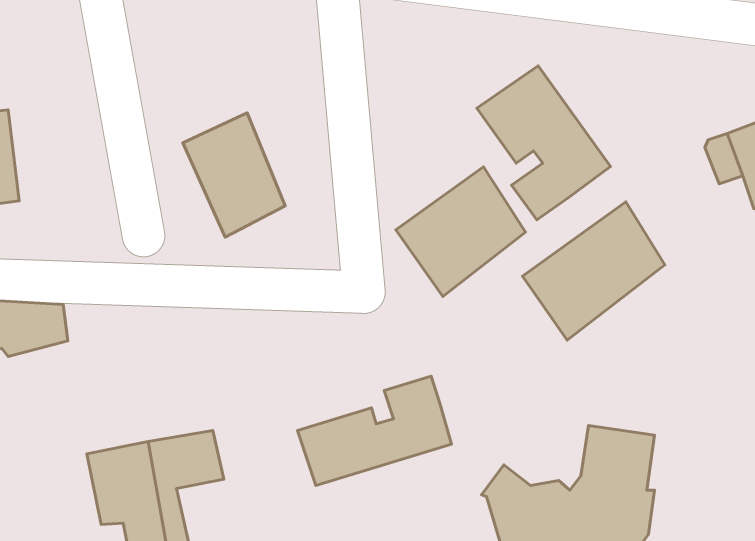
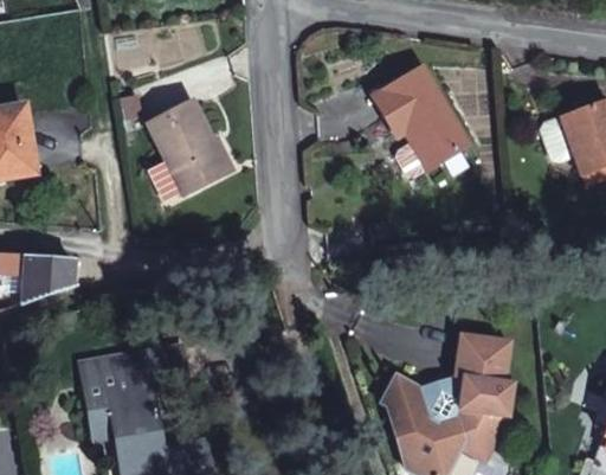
building: [396,167,525,297] -> none
building: [522,202,665,340] -> none
building: [297,376,451,485] -> none

